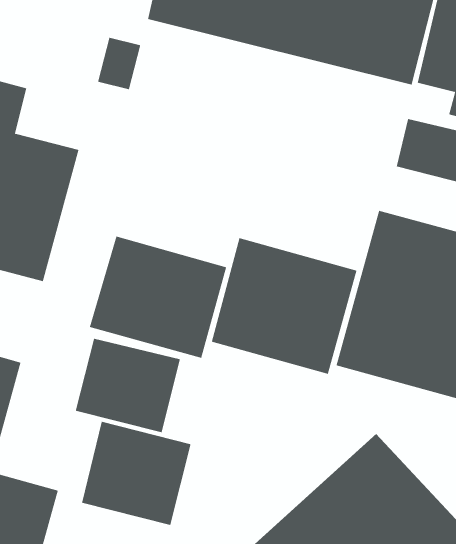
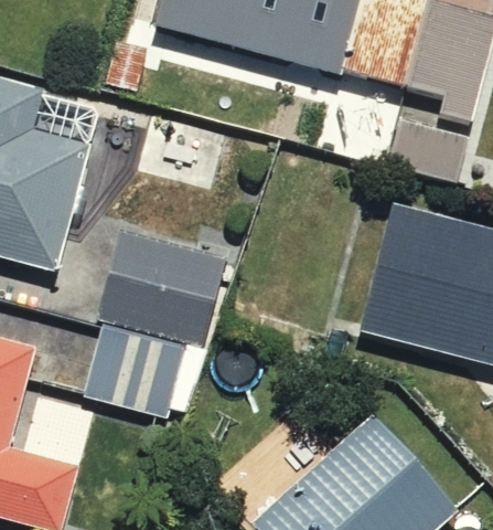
building: [211,237,358,375] -> none
building: [81,421,192,526] -> none

